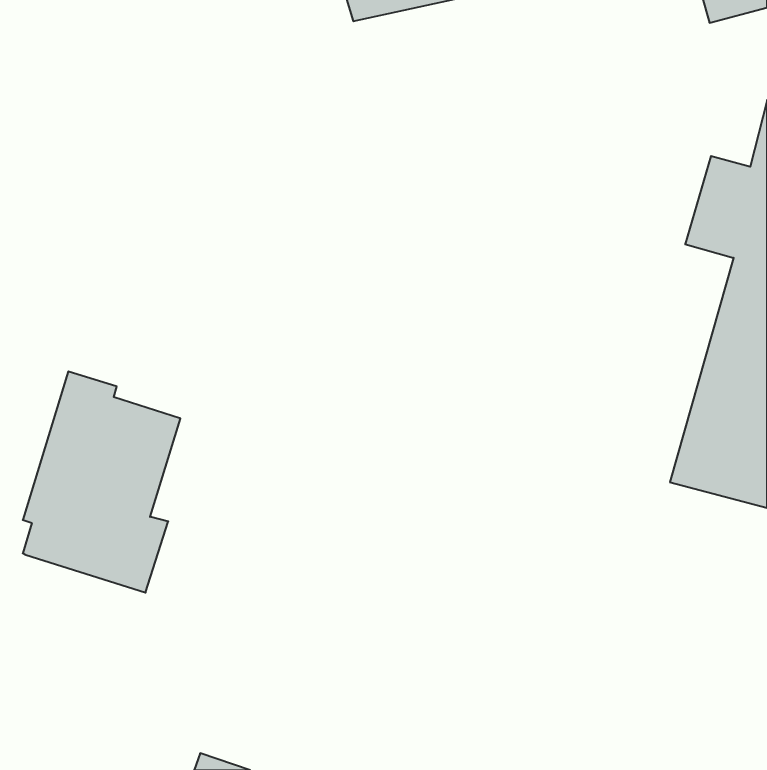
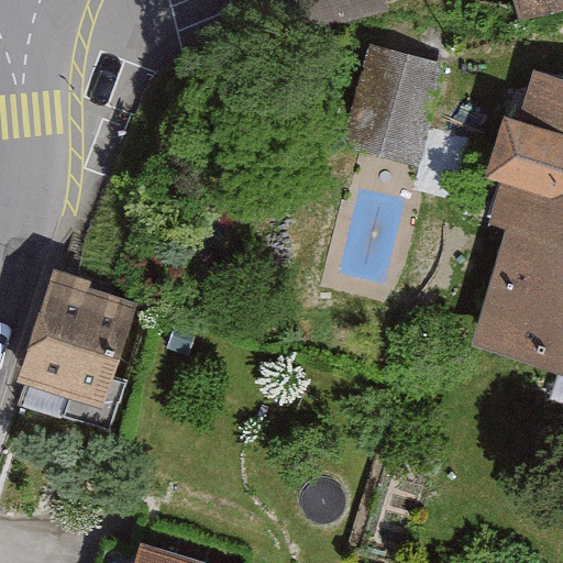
building: none -> [350,32,446,155]

